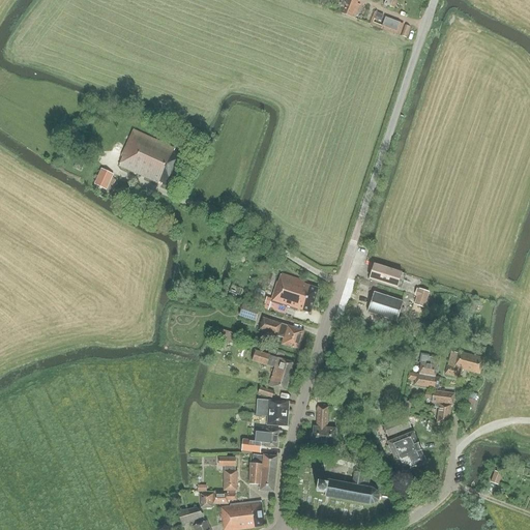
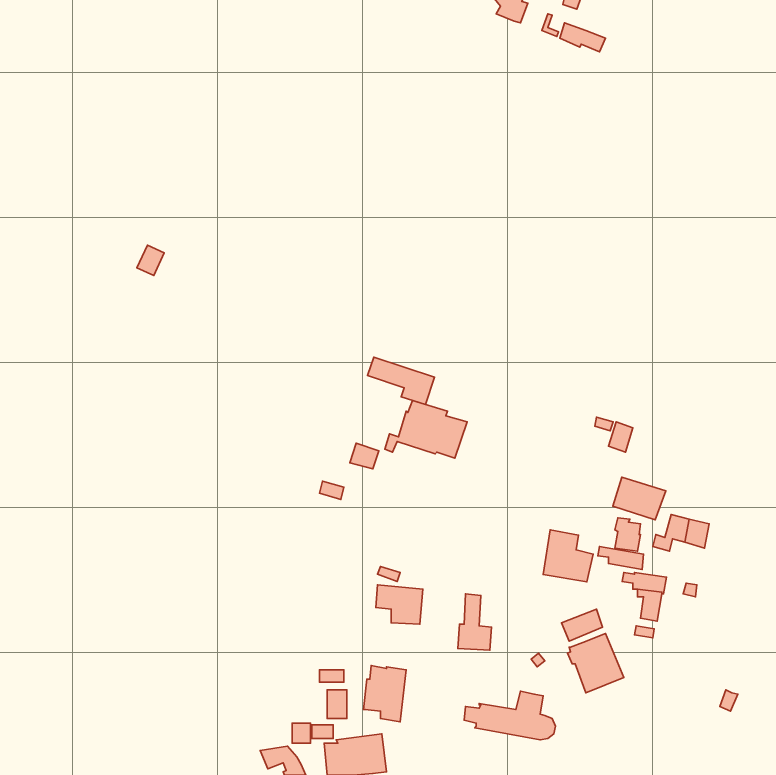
building: [118,128,183,186] -> none
building: [369,262,400,285] -> none
building: [366,291,403,320] -> [613,477,666,520]
building: [258,316,303,348] -> [368,357,435,404]
building: [251,349,293,389] -> none
building: none -> [543,530,593,582]
building: [240,428,278,451] -> none

